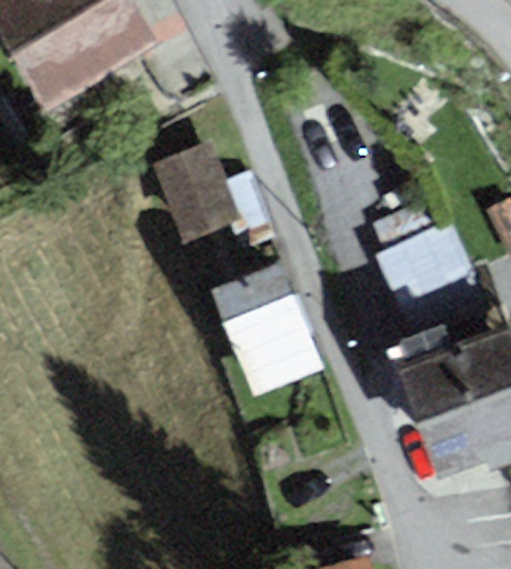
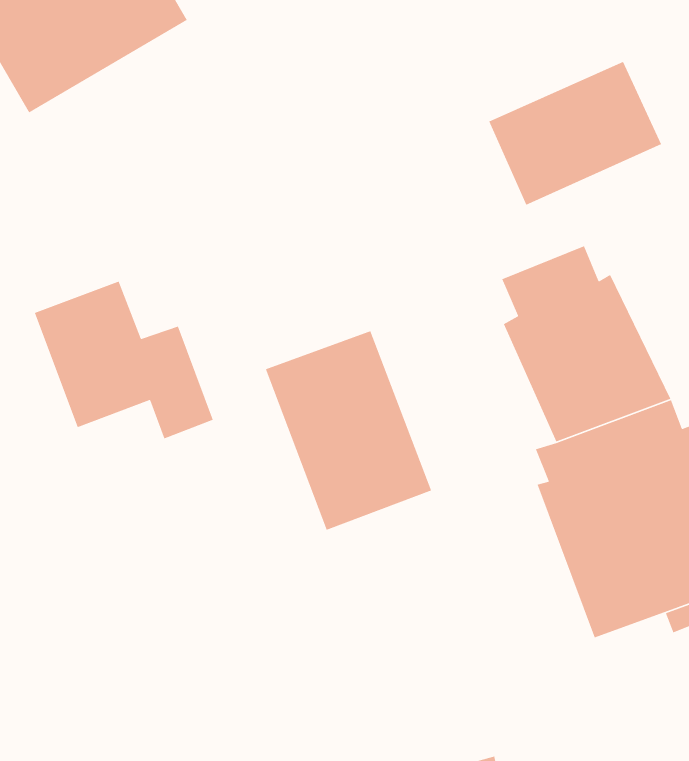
building: none -> [488,61,662,206]
building: [150,141,274,251] -> [34,281,214,439]

